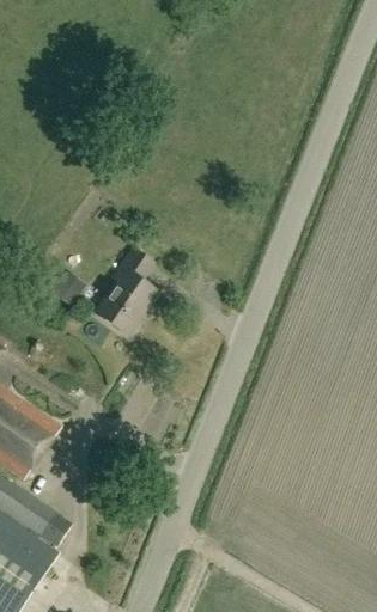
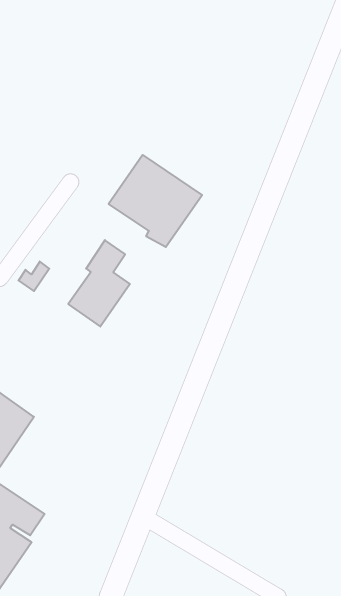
building: none -> [109,155,202,247]

